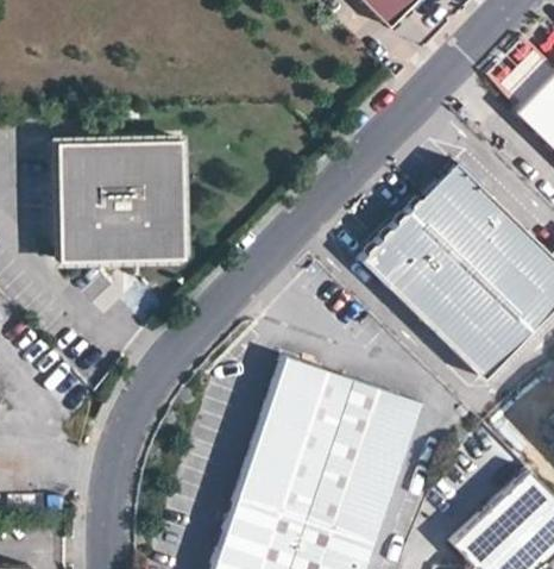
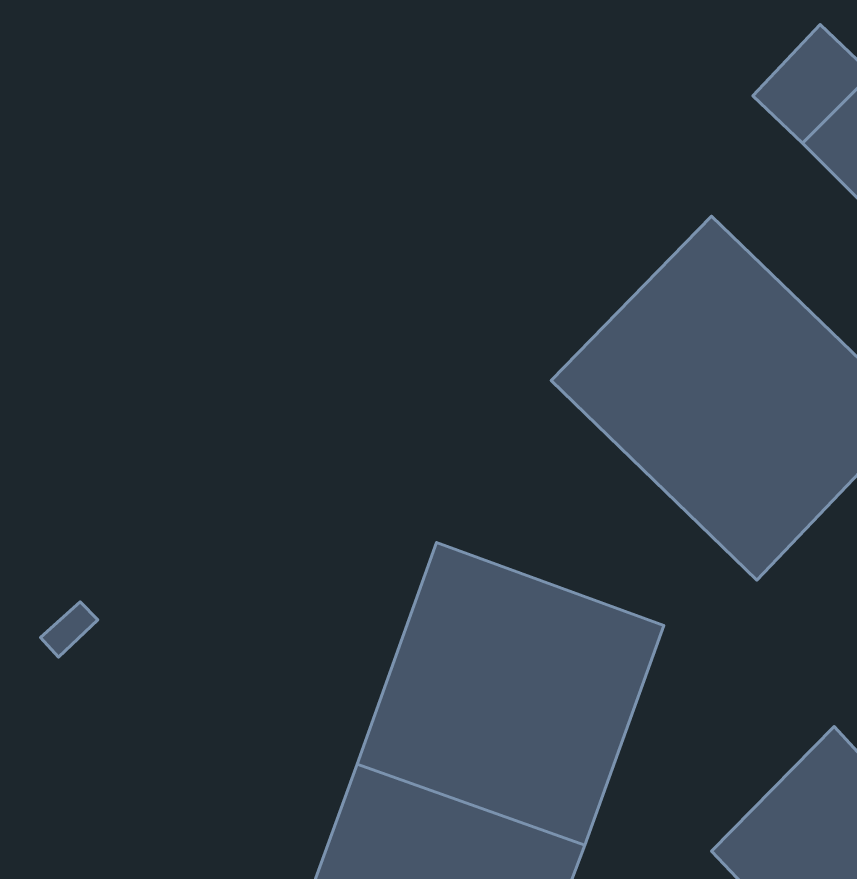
building: [59,140,187,262] -> none

